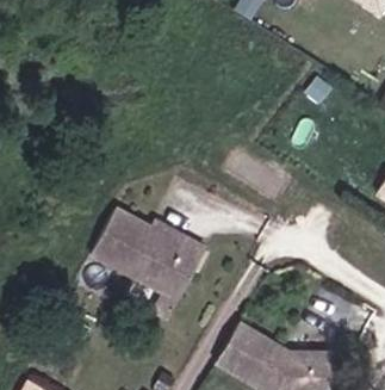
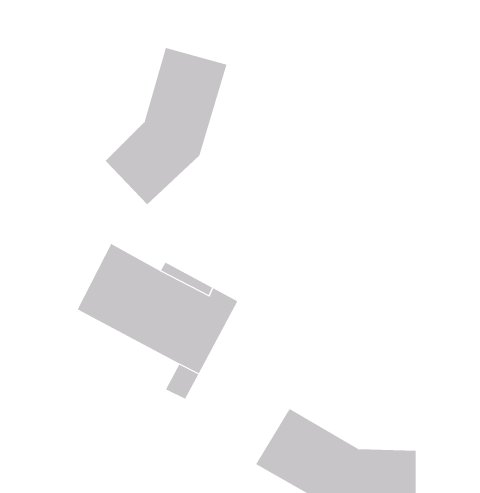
building: none -> [105,47,227,205]

